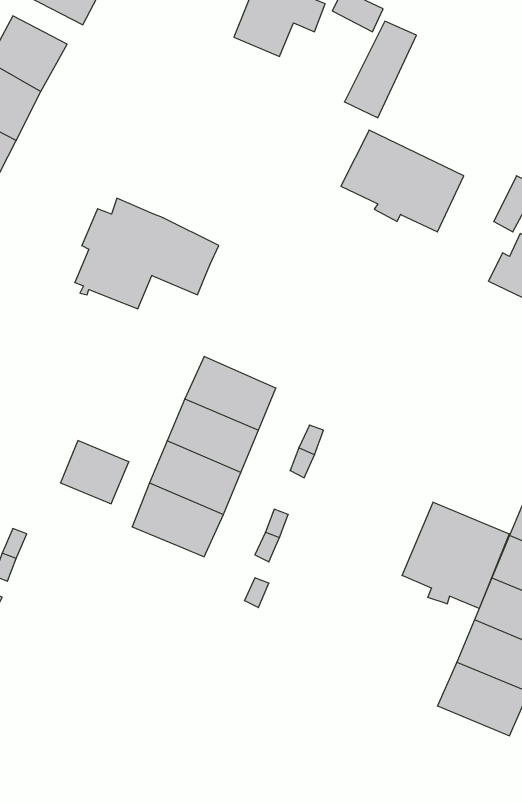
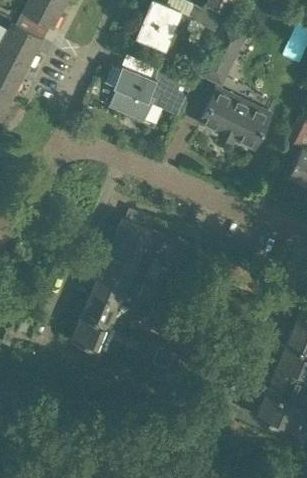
building: [75,198,219,309] -> [108,60,190,123]
building: [60,441,129,504] -> [70,316,109,352]
building: [402,502,509,609] -> none

